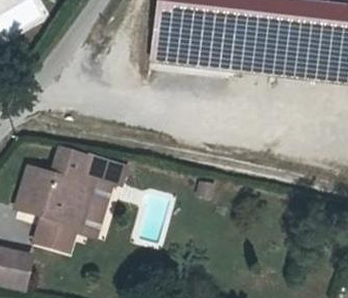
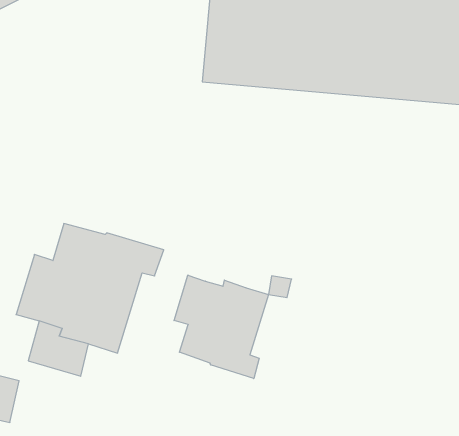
building: none -> [174,275,269,379]

